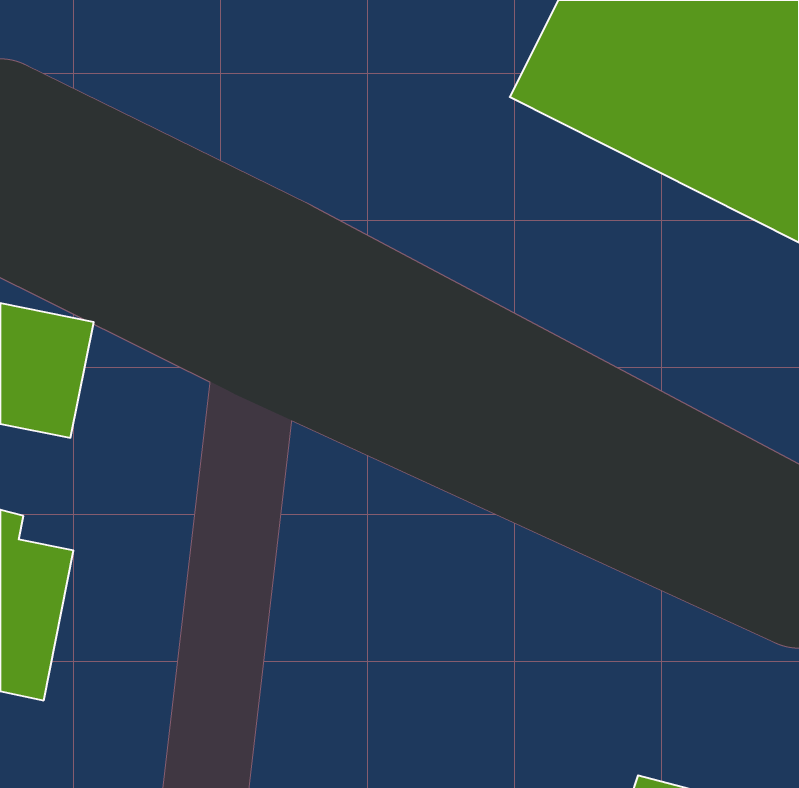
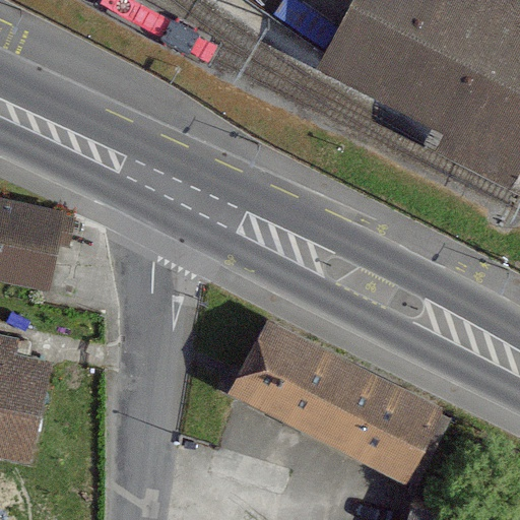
building: none -> [233,324,441,482]

